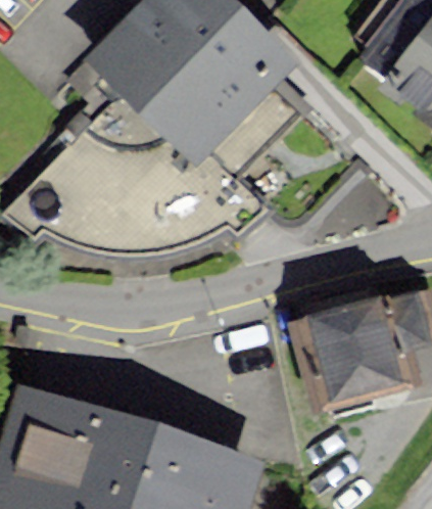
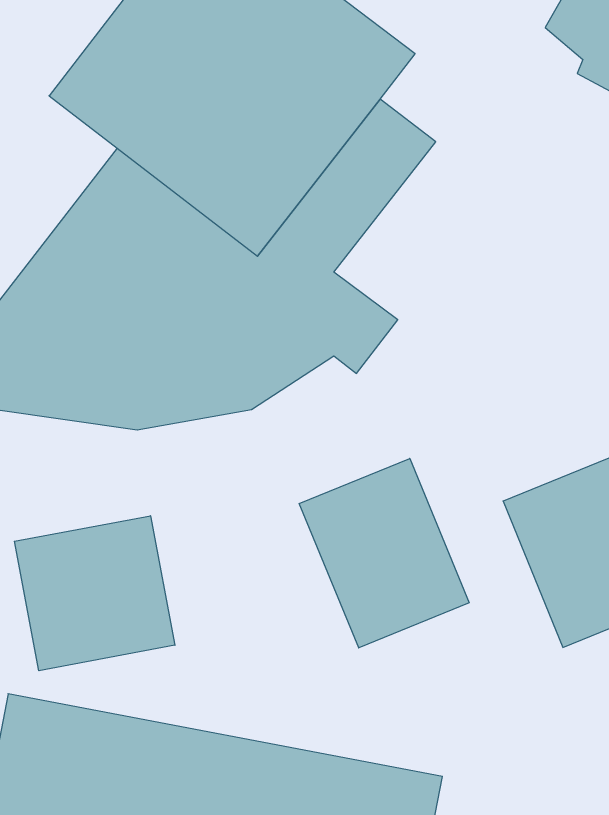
building: none -> [299,458,469,648]
building: none -> [14,516,175,671]

